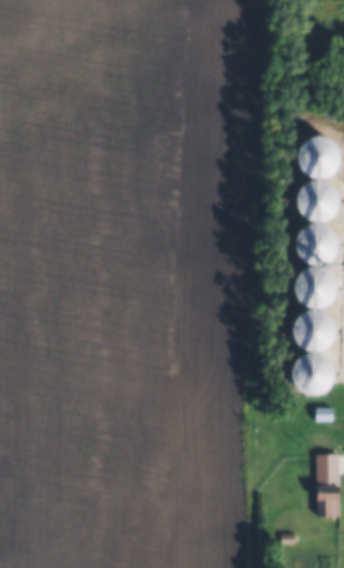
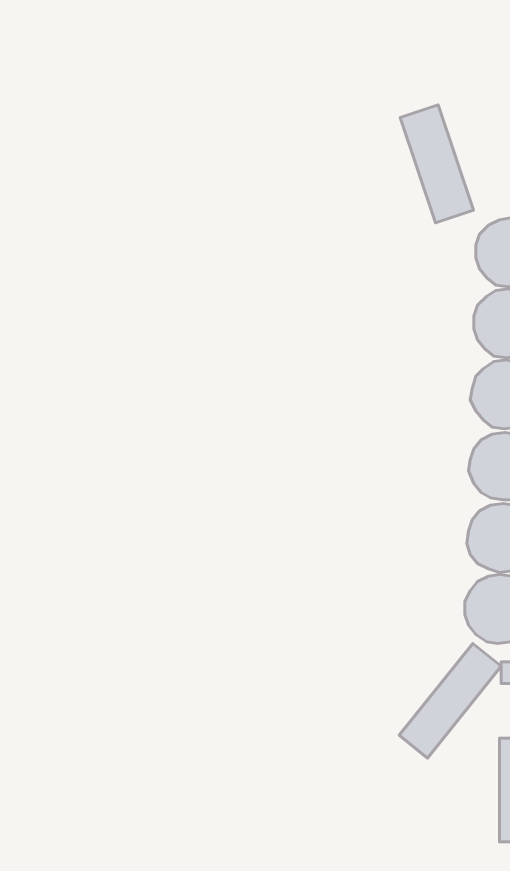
building: none -> [400,105,473,223]
building: none -> [399,643,501,758]

